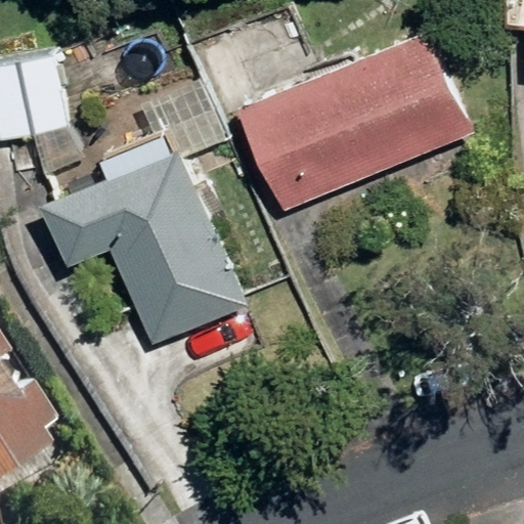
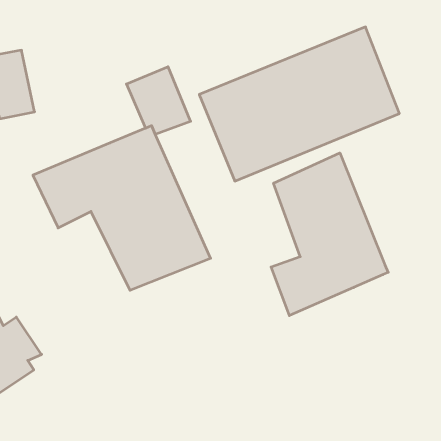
building: none -> [271,153,388,316]

